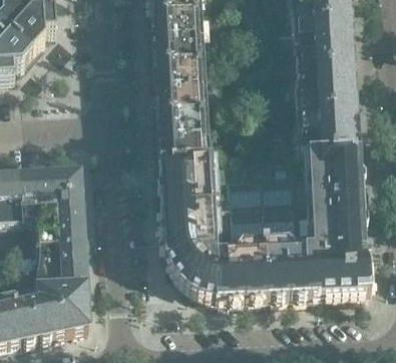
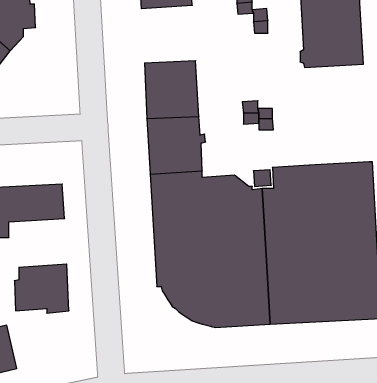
building: [153,7,203,59] -> none
building: [298,60,359,151] -> none
building: [34,200,86,244] -> none
building: [32,281,91,335] -> none

